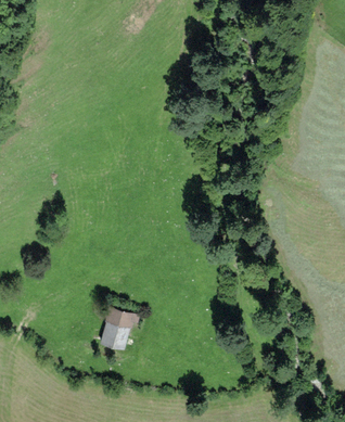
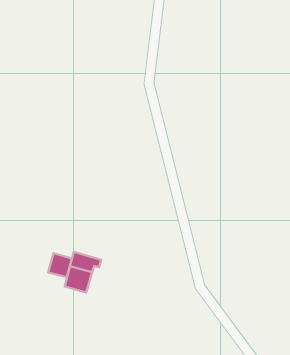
building: none -> [48,253,72,277]

